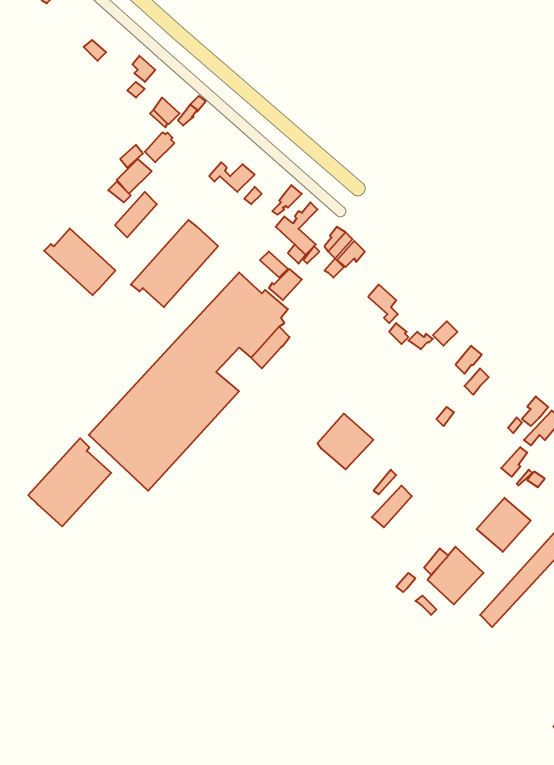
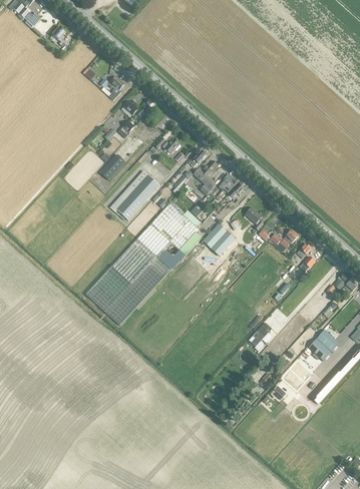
building: [44,228,115,295] -> none
building: [318,414,373,469] -> [203,223,235,256]
building: [28,438,111,526] -> none

